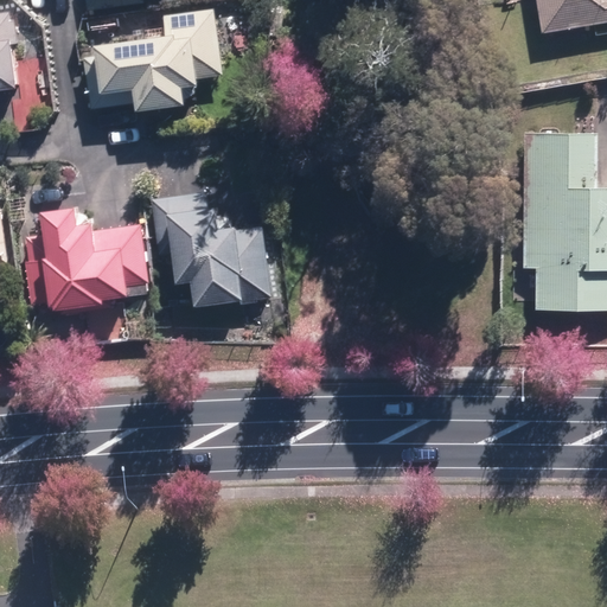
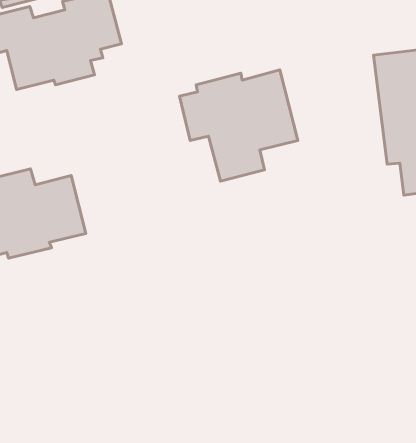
building: none -> [179,70,298,181]
building: [152,191,270,307] -> none

